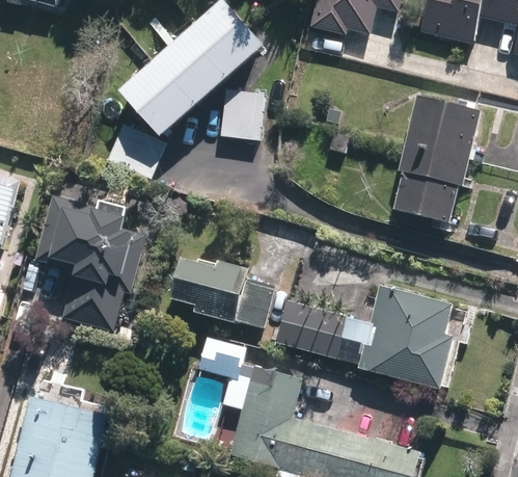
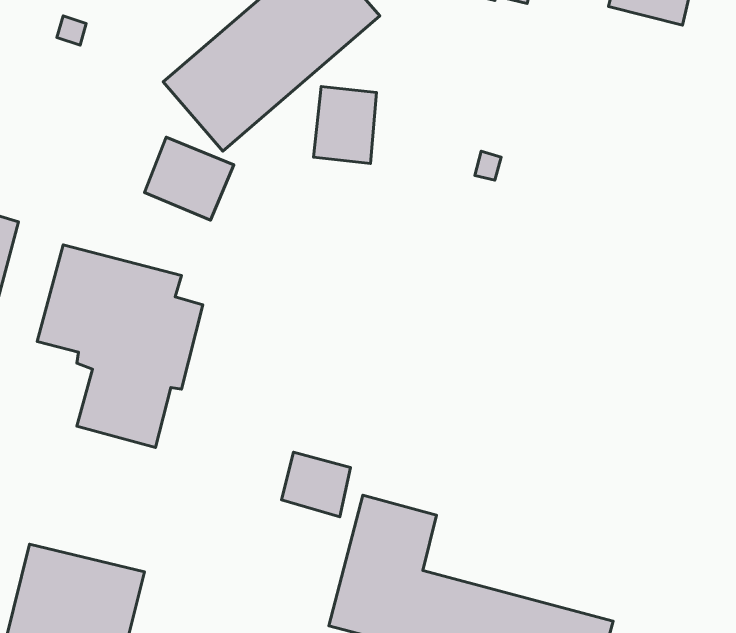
building: [391,97,481,223] -> none
building: [175,257,276,327] -> none
building: [274,283,454,389] -> none

